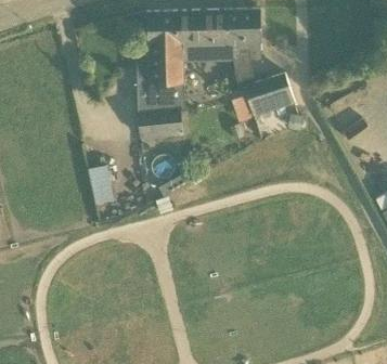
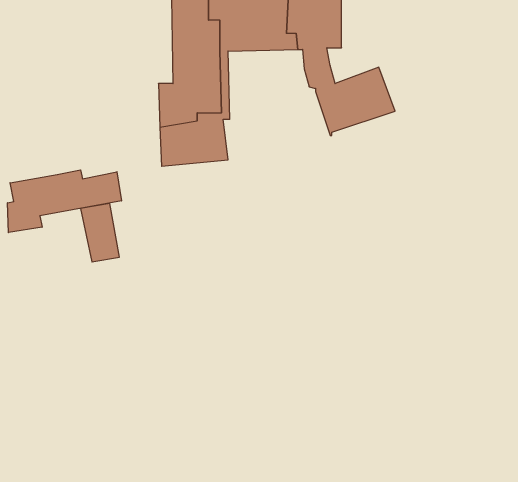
building: none -> [8,170,121,233]

